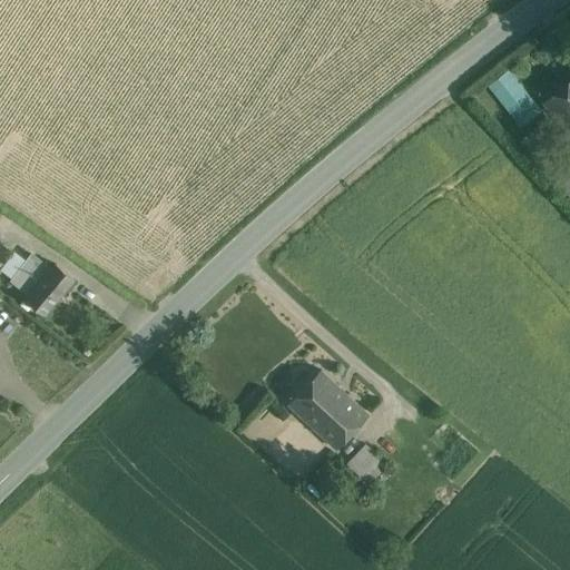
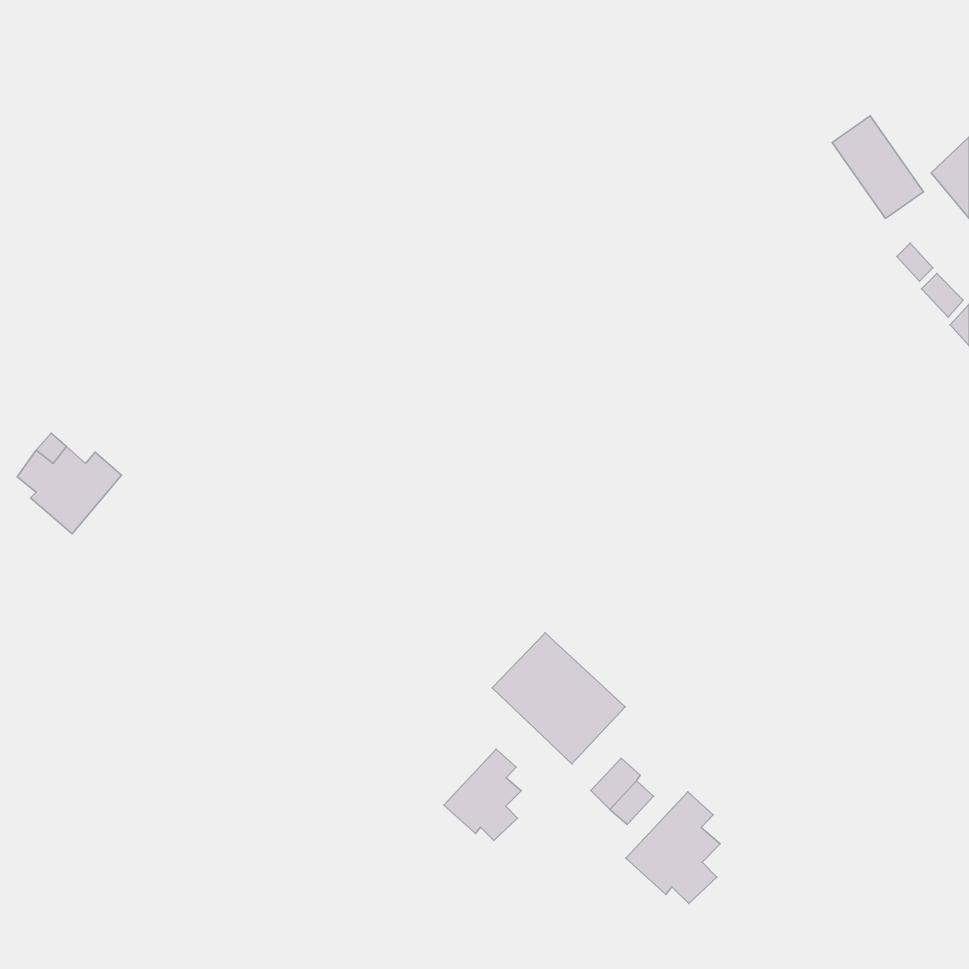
building: none -> [444,749,521,840]
building: none -> [626,792,720,904]

